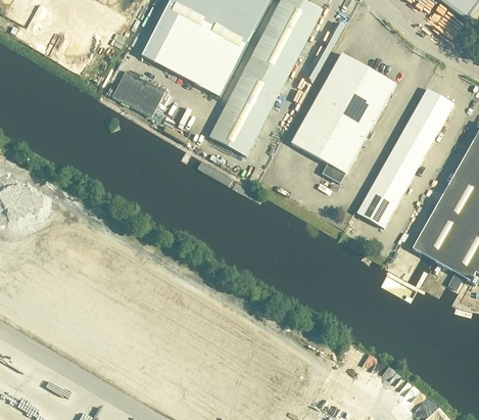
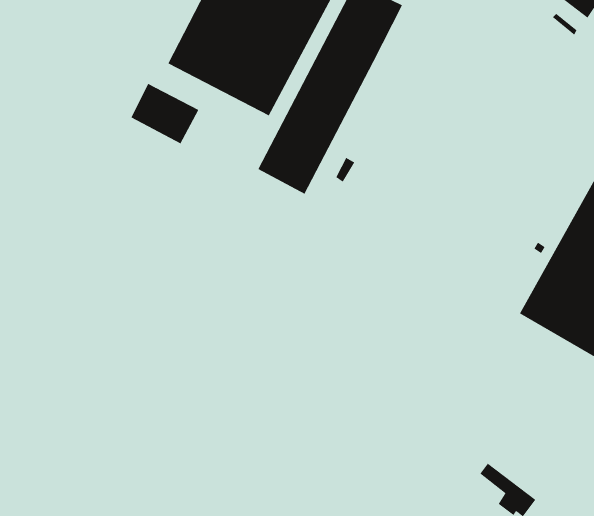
building: [292,52,396,182] -> none
building: [357,87,454,227] -> none

